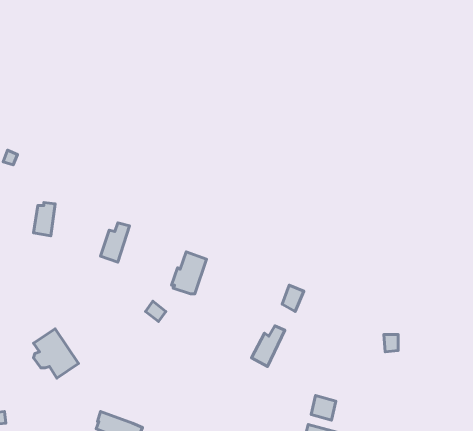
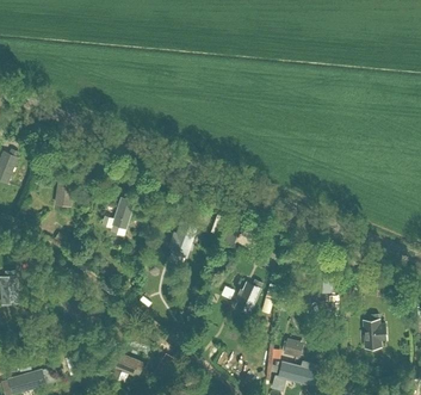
building: none -> [363,315,386,348]

